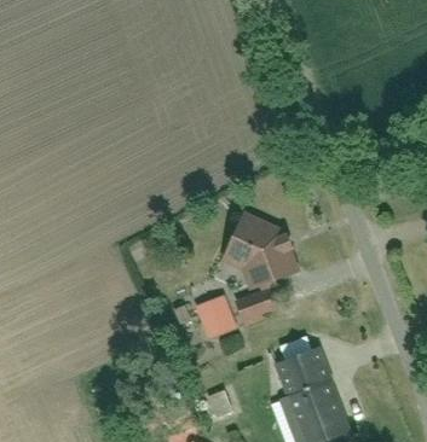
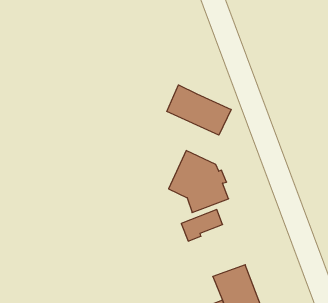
building: none -> [167,85,231,135]
building: [197,293,235,336] -> none

